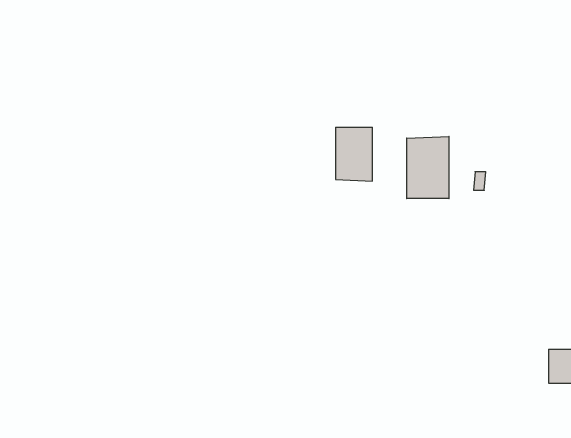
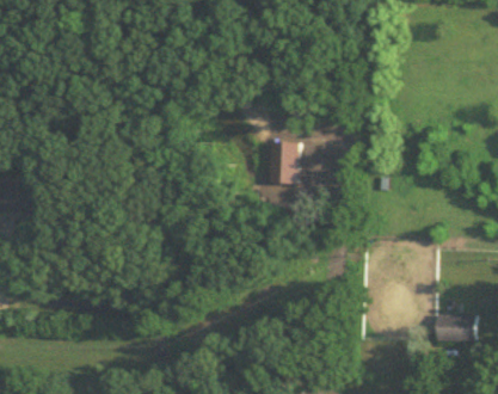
building: [407,136,449,199] -> none

